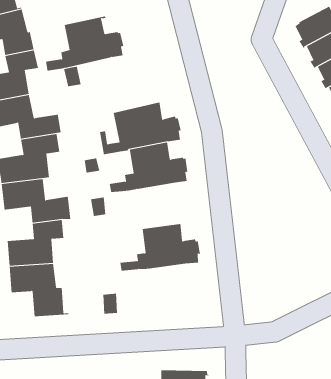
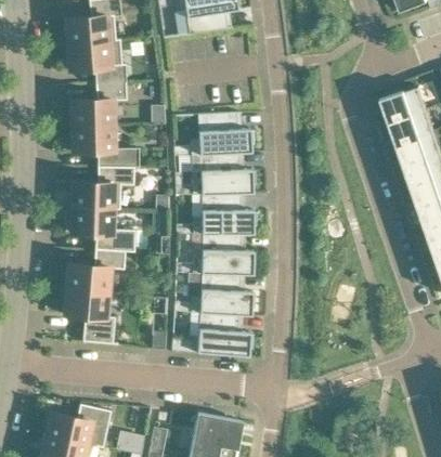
building: [45,16,124,71] -> [173,112,252,156]
building: none -> [174,234,255,275]
building: none -> [171,313,251,356]

